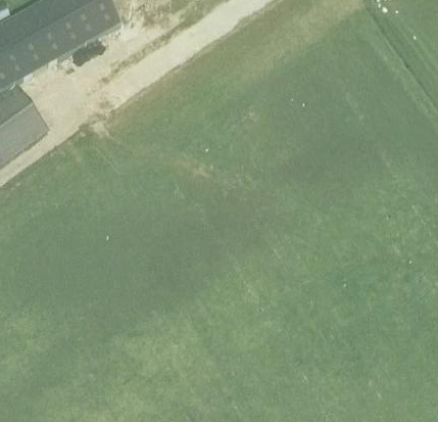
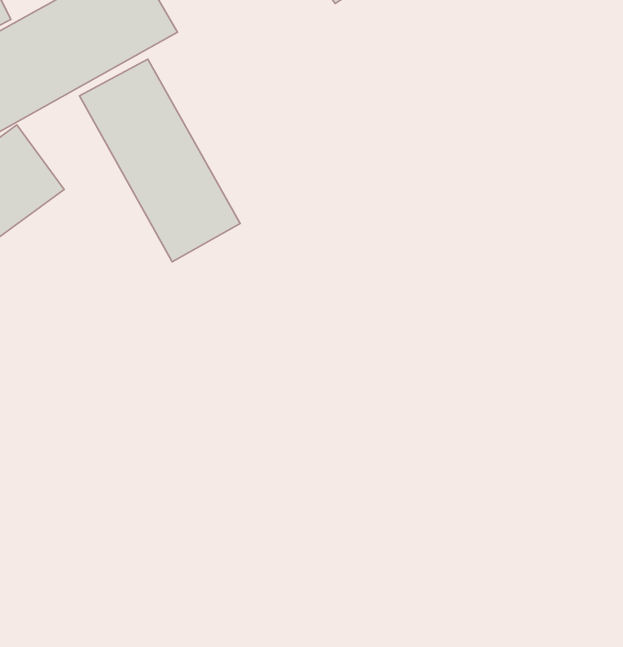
building: none -> [80,59,240,262]

